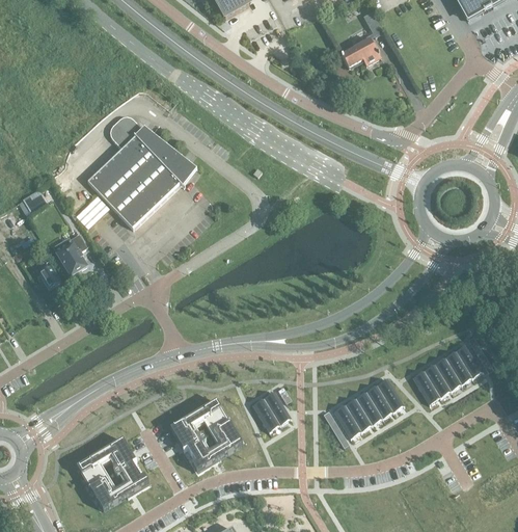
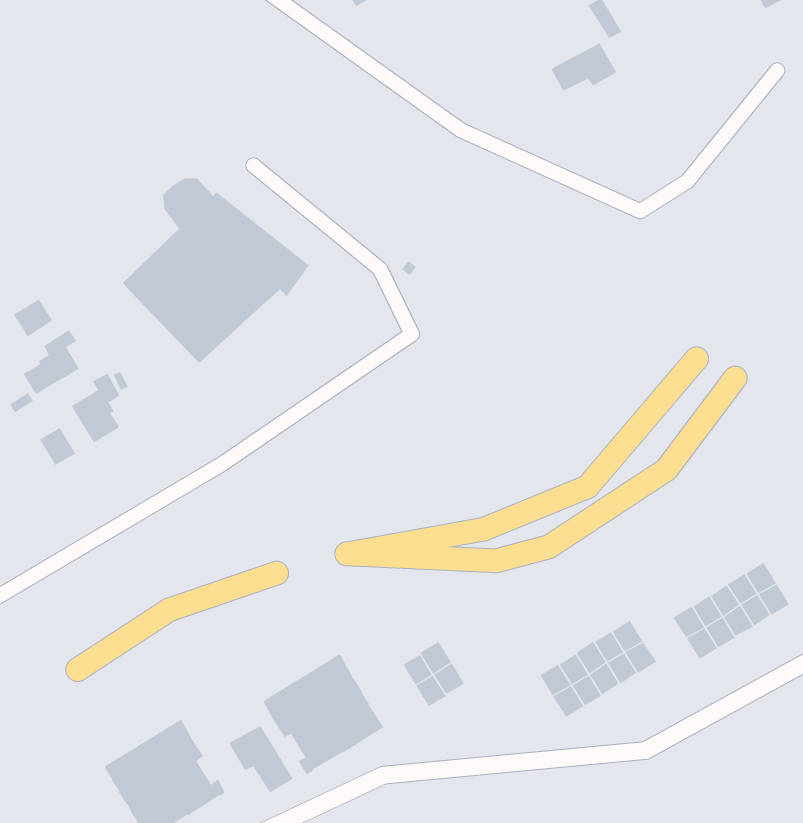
building: none -> [23,329,80,395]
building: none -> [229,725,294,793]

